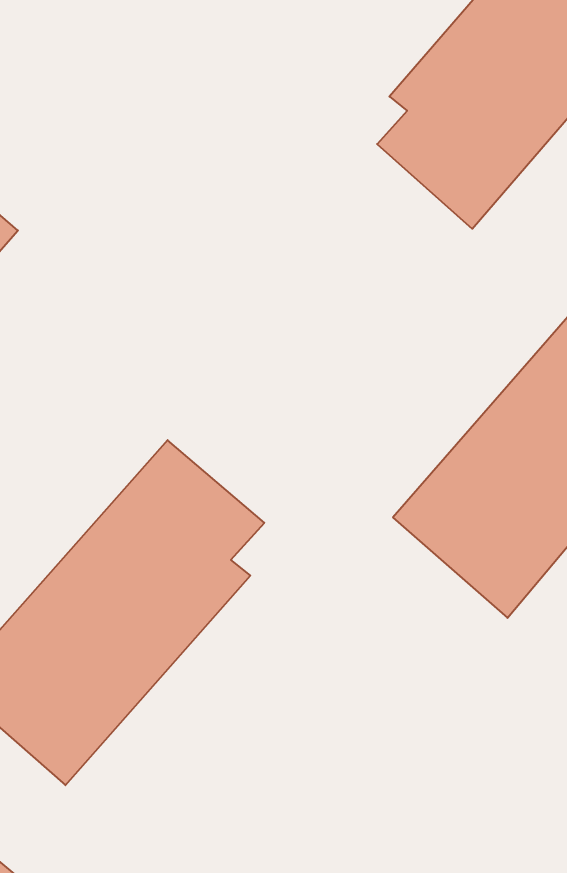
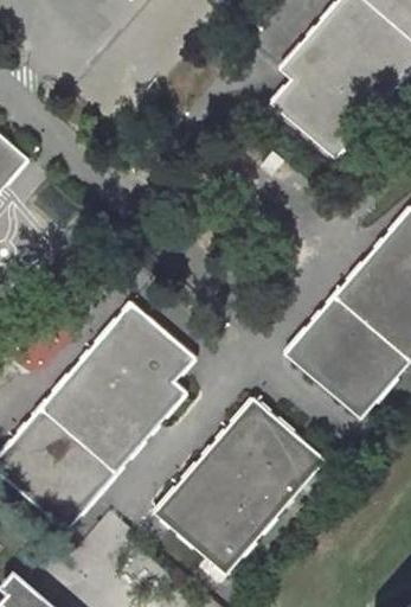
building: none -> [154,397,325,574]

